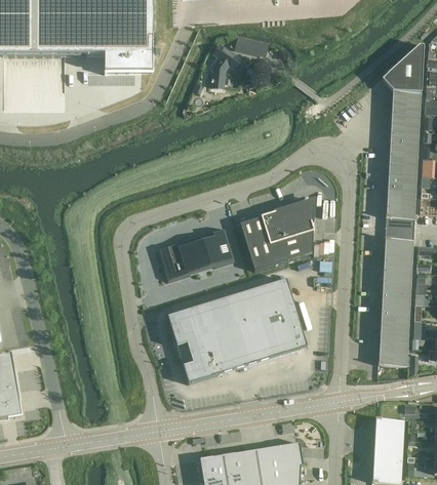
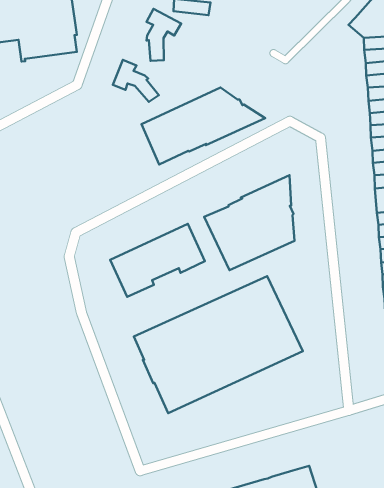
building: none -> [113,60,159,102]
building: none -> [142,88,265,165]

